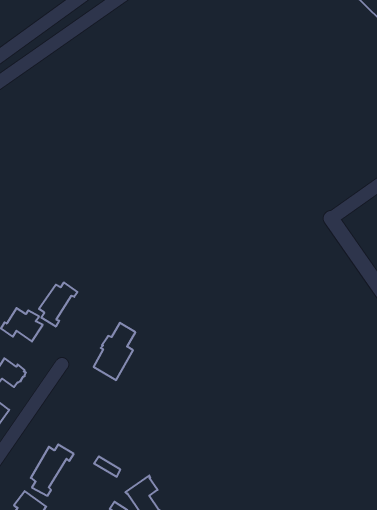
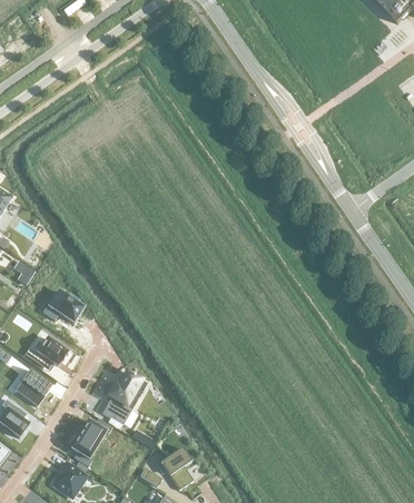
building: [39,282,77,327] -> none
building: [94,323,135,380] -> [101,371,140,424]

